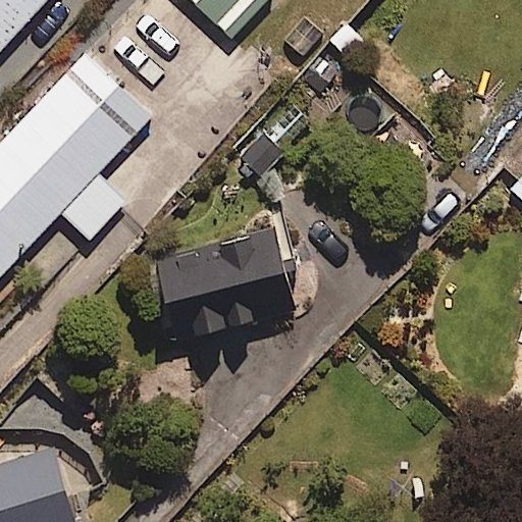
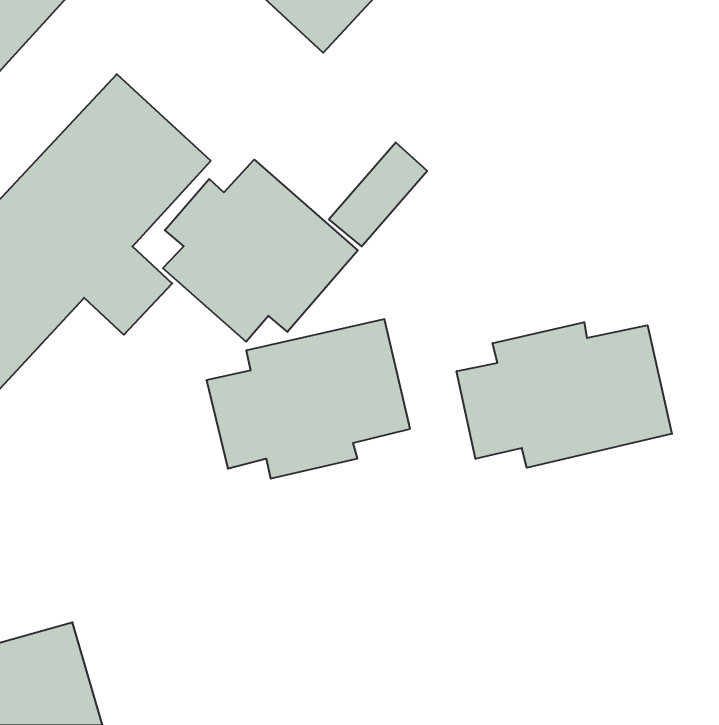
building: none -> [163,160,358,342]
building: none -> [457,322,672,468]

